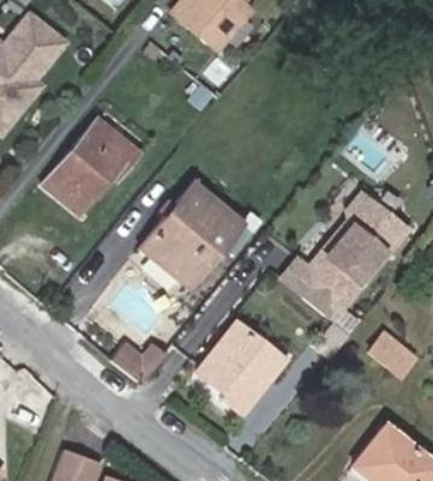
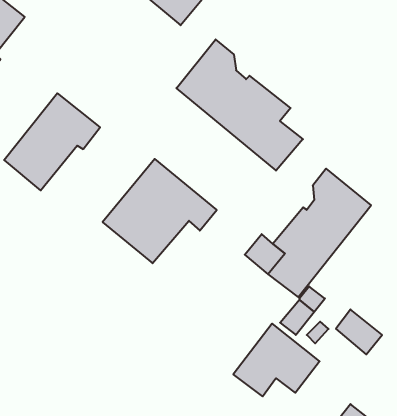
building: none -> [176,39,303,171]
building: [198,321,283,393] -> [233,324,320,396]
building: [110,342,167,384] -> none

